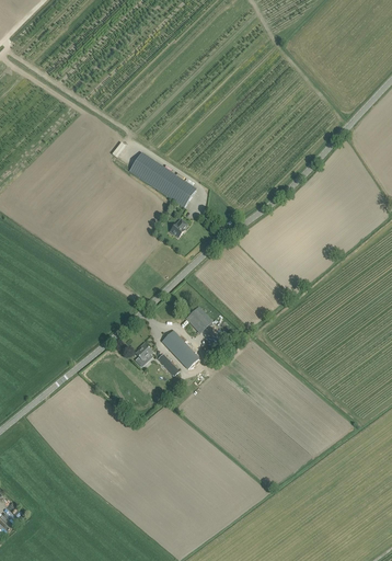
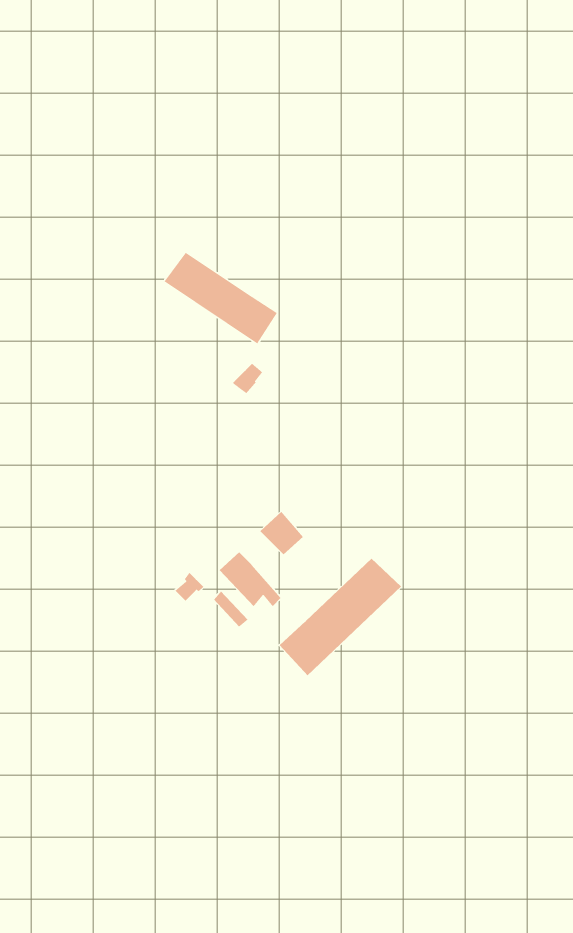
building: none -> [279,558,402,676]

